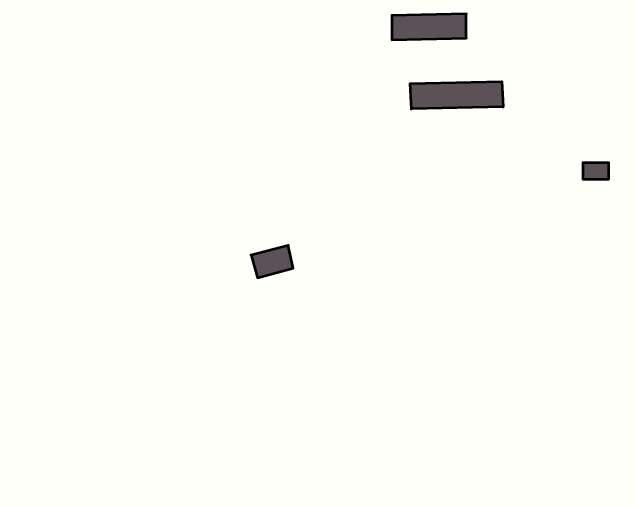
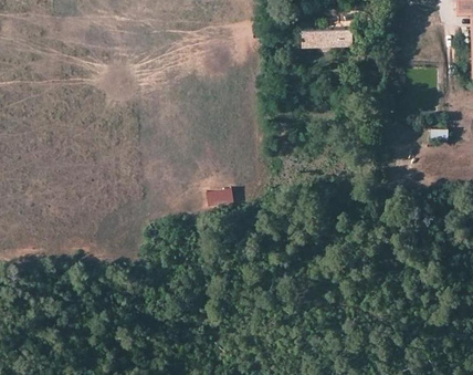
building: [410,82,503,109] -> none

